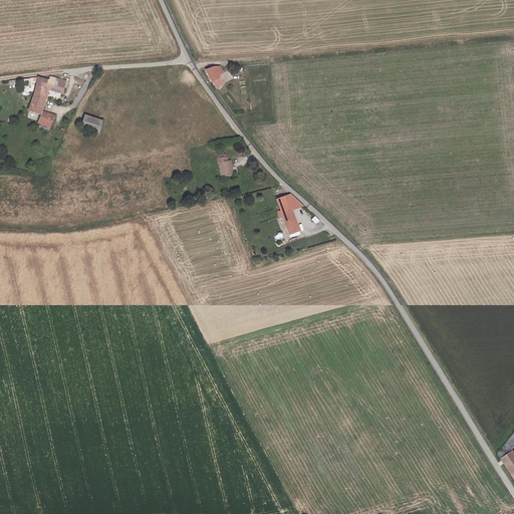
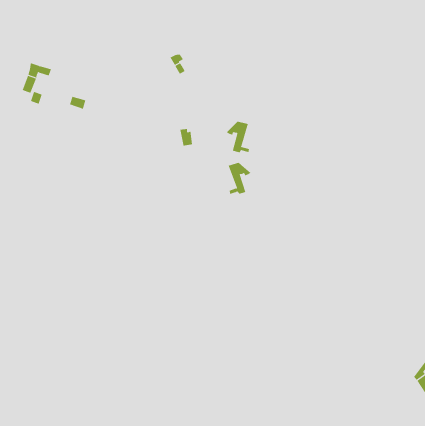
building: none -> [226,121,249,153]

